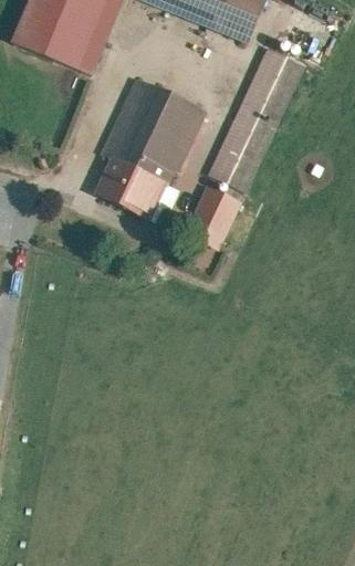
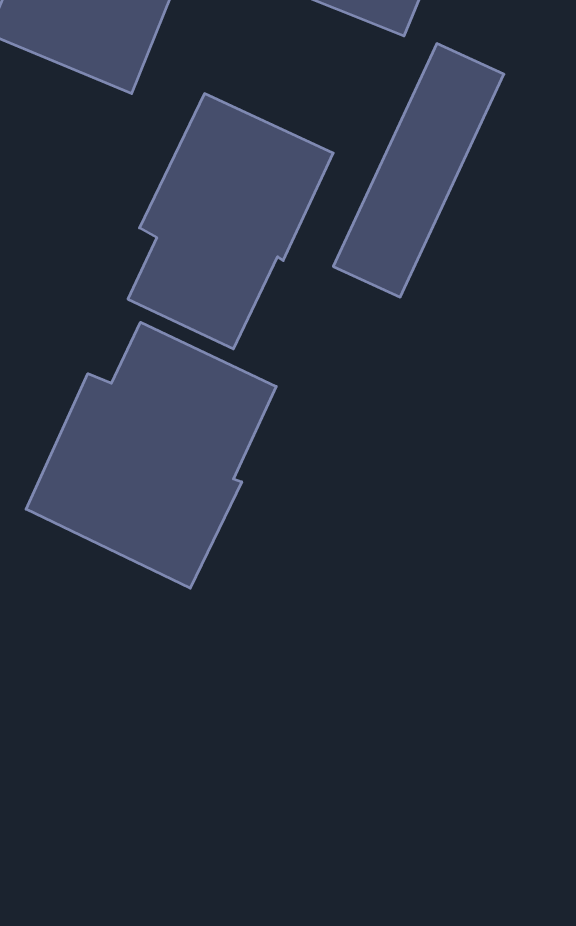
building: [185,182,242,249] -> none
building: none -> [26,322,276,588]

